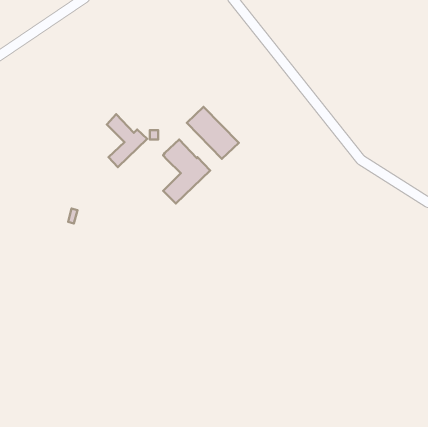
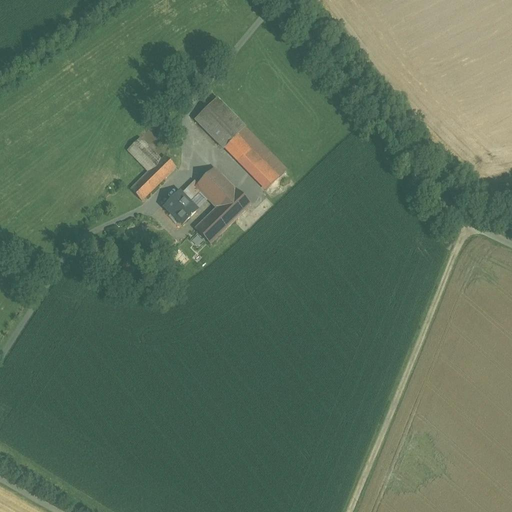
building: none -> [194,96,244,147]
building: none -> [163,179,199,223]

